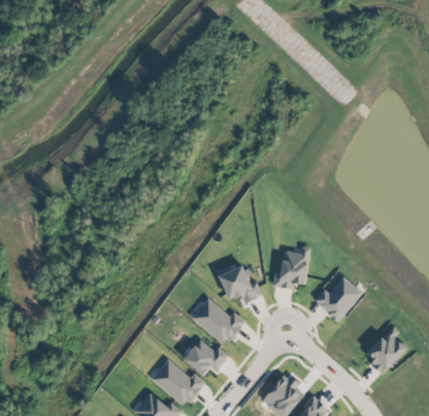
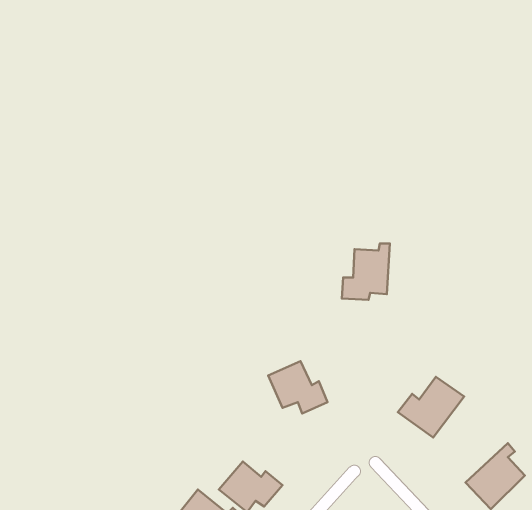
building: [272,247,307,288] -> [342,244,390,300]
building: [191,298,243,346] -> none

